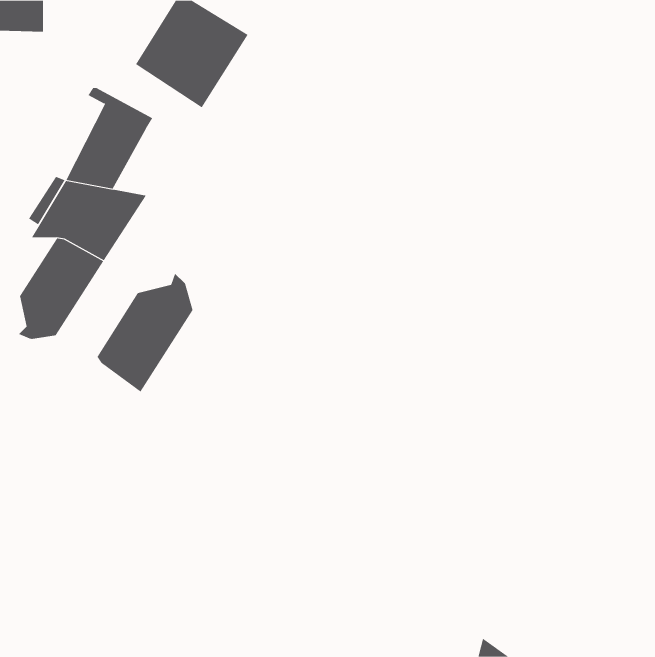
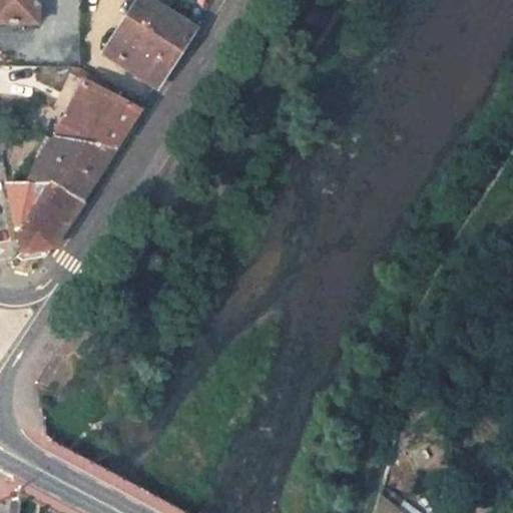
building: none -> [88,100,138,152]
building: none -> [6,185,44,230]
building: [97,273,193,393] -> none

